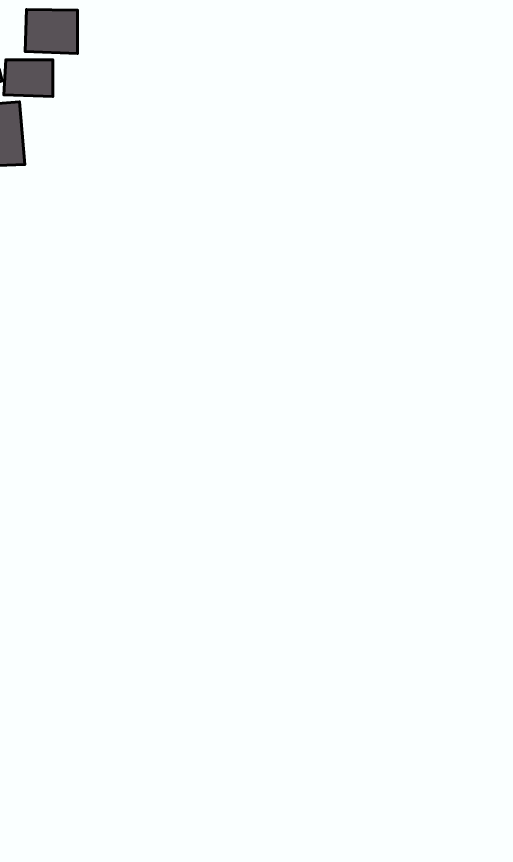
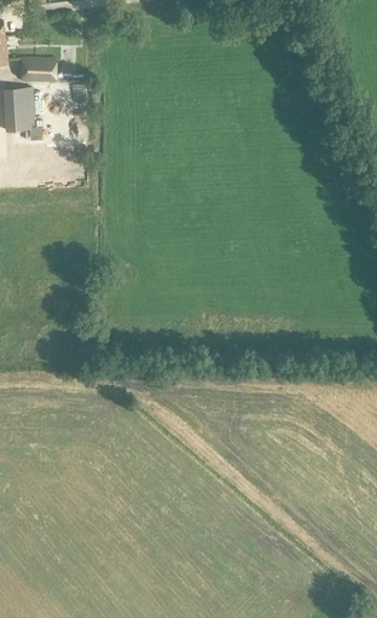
building: [25,10,78,54] -> none

